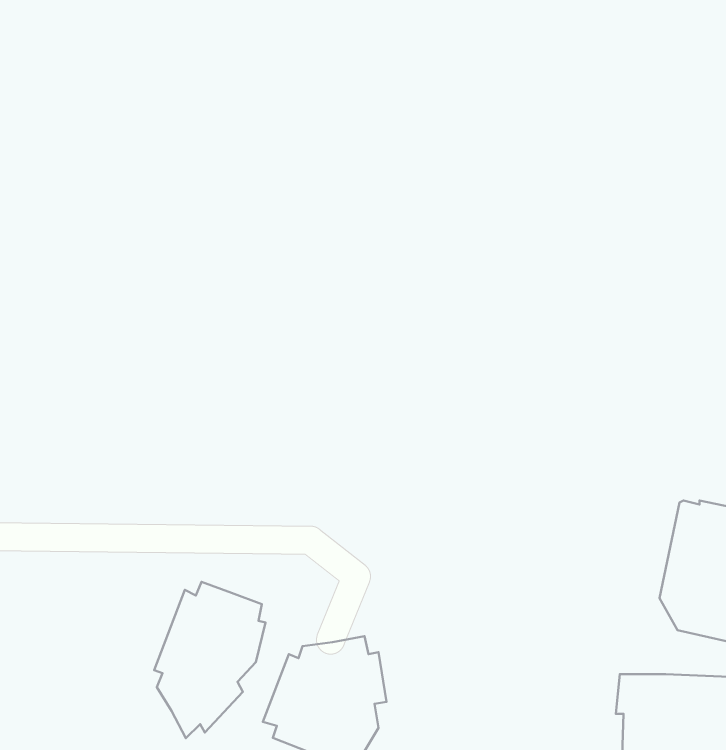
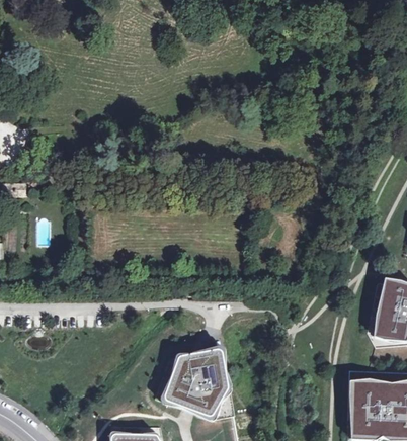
building: [154,582,266,738] -> none

